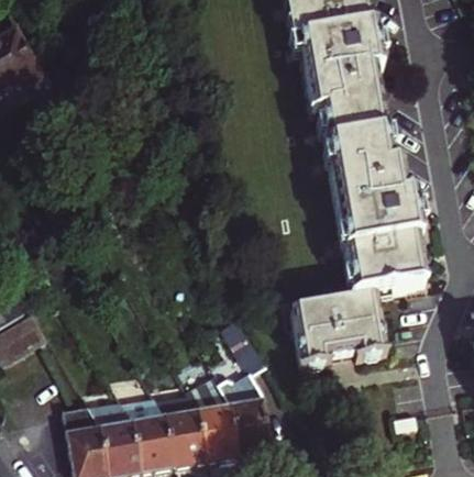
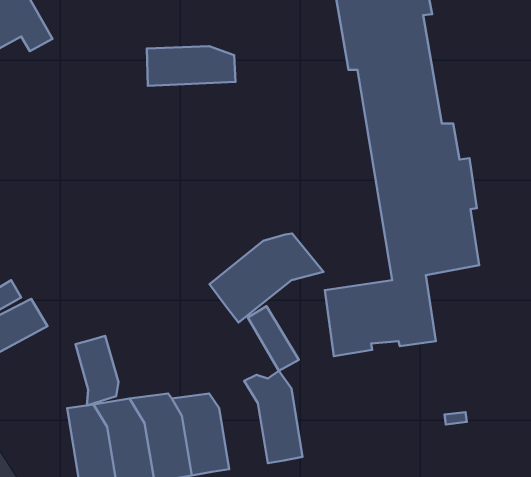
building: none -> [147,46,236,86]
building: none -> [209,233,324,323]
building: none -> [75,336,119,406]
building: [184,384,239,463] -> none

